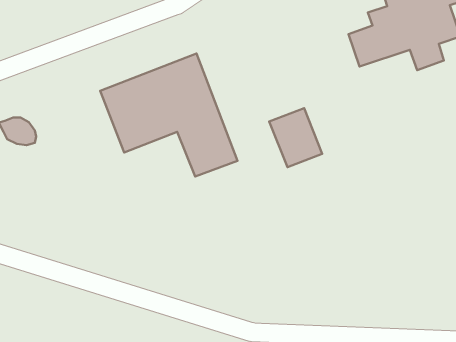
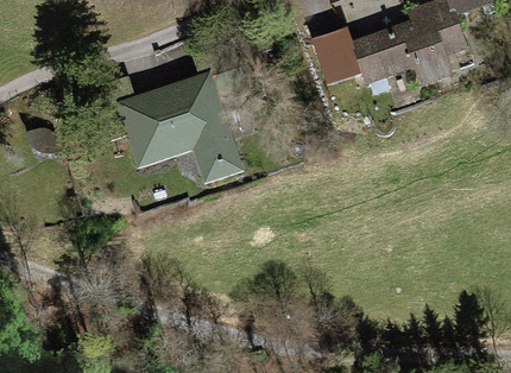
building: [269,108,322,167] -> [303,31,355,89]

